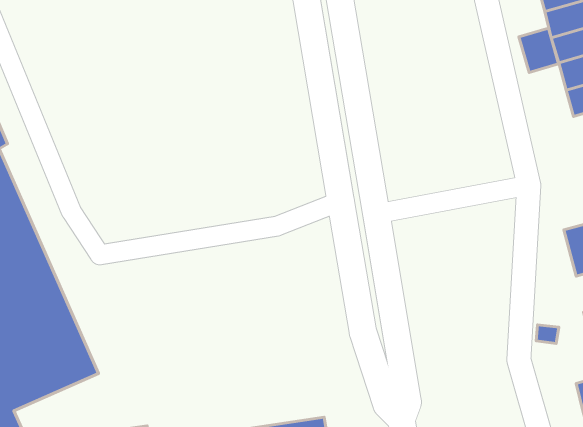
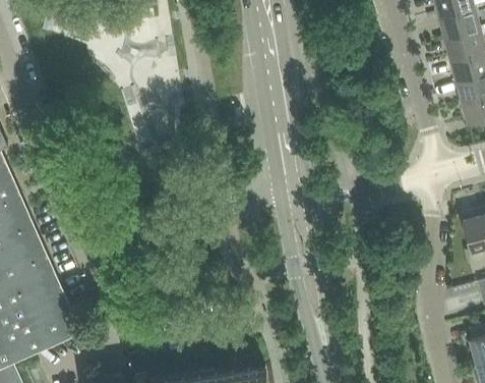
building: [519,28,559,73] -> none

